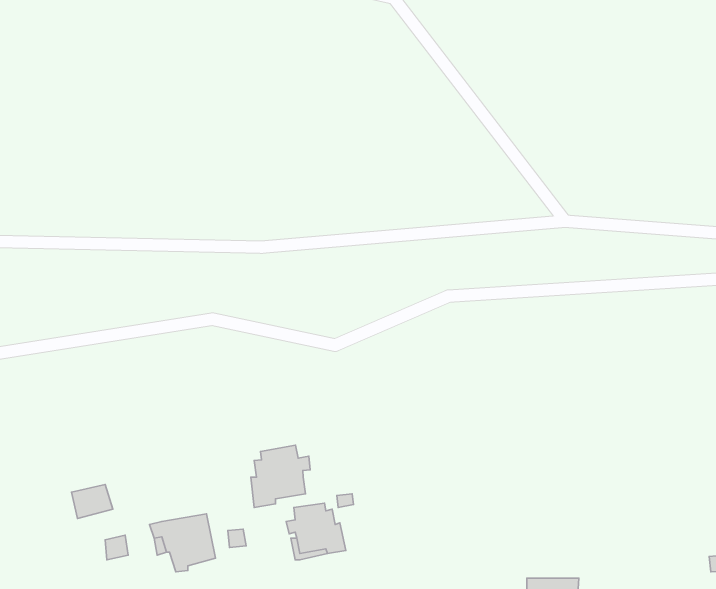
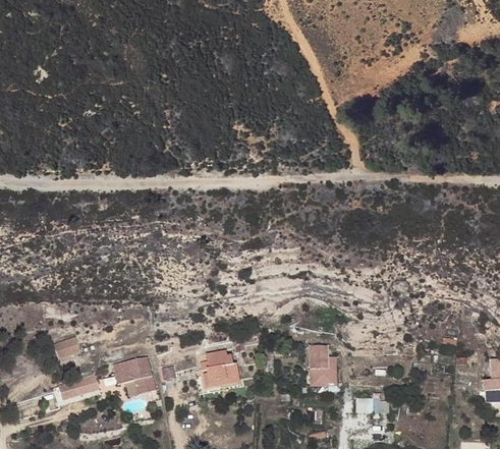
building: [251,445,310,507] -> none
building: none -> [307,353,333,383]

